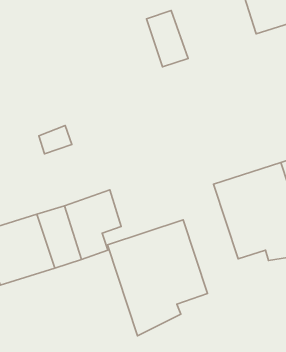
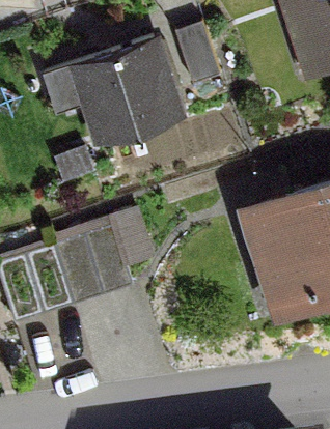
building: none -> [73,34,178,139]
building: [108,220,208,336] -> none

